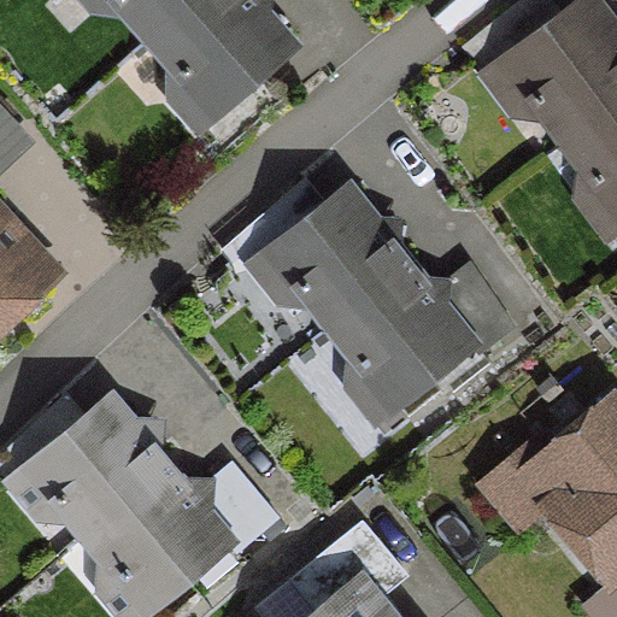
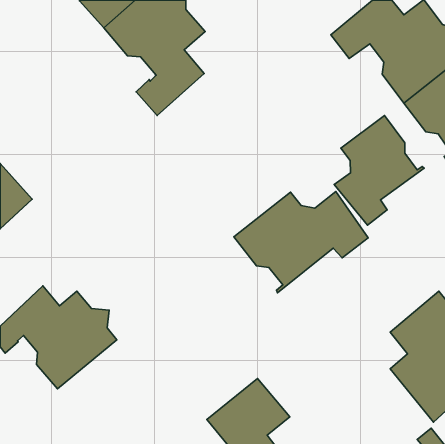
building: none -> [334,115,424,225]
building: [225,184,402,330] -> none
building: [81,468,274,603] -> none

